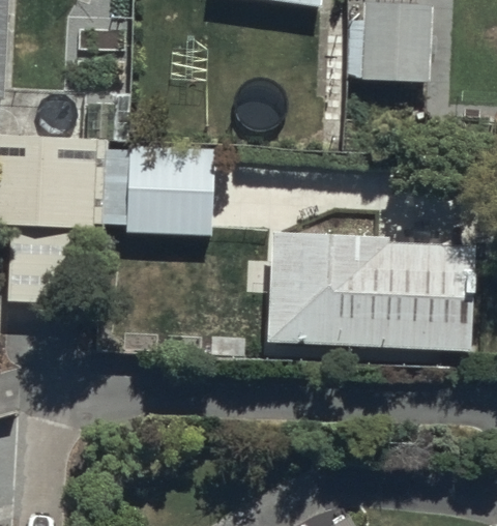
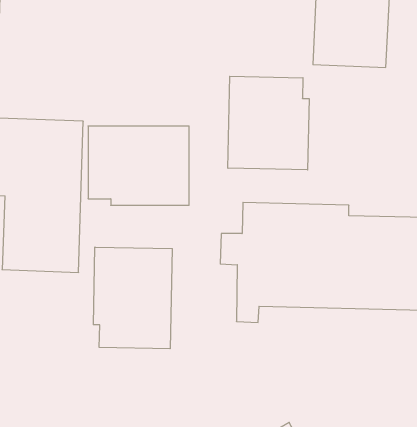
building: none -> [228,76,309,170]
building: none -> [93,247,172,349]

